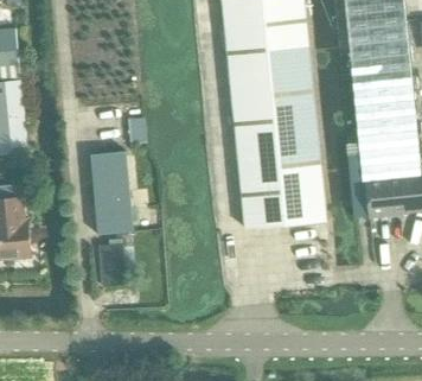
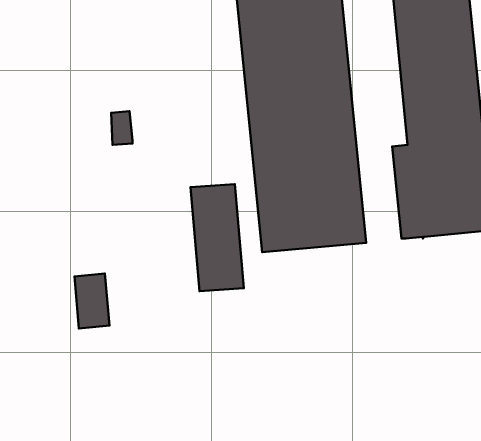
building: [90,151,132,234] -> [190,184,244,291]

